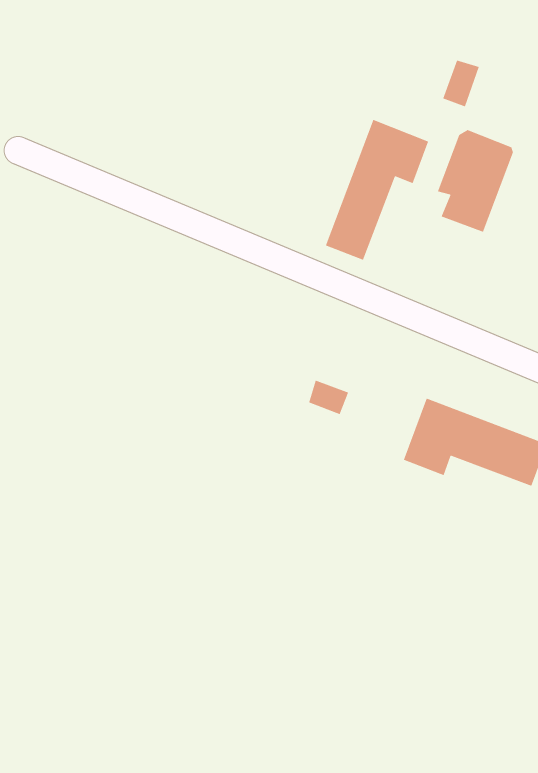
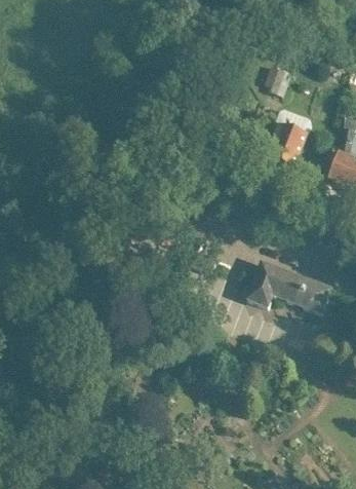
building: [325,119,429,261] -> none

